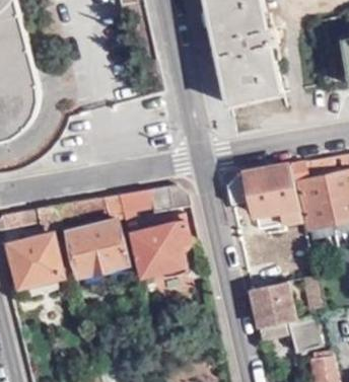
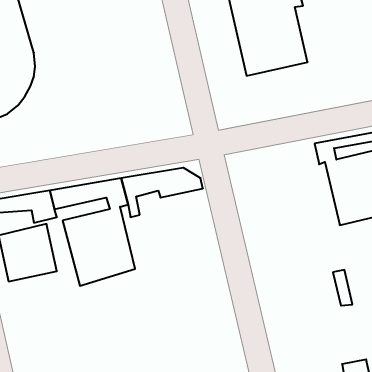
building: [225,165,300,225] -> none
building: [131,215,188,276] -> none
building: [251,283,318,351] -> none

